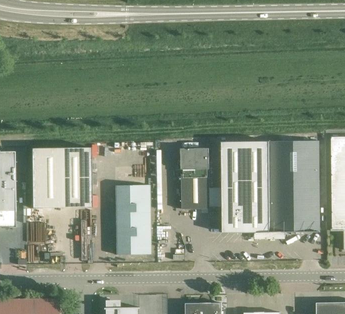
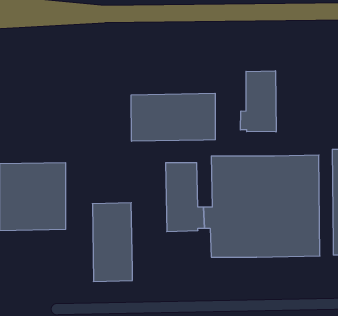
building: none -> [240,71,276,132]
building: none -> [131,93,215,141]

